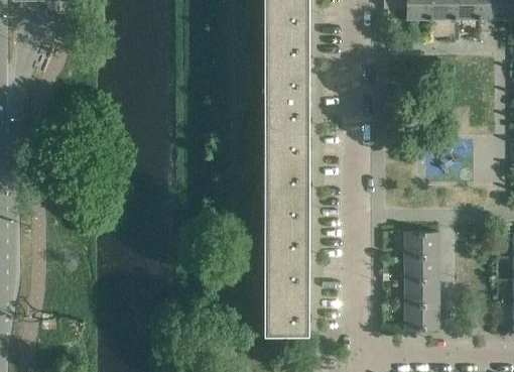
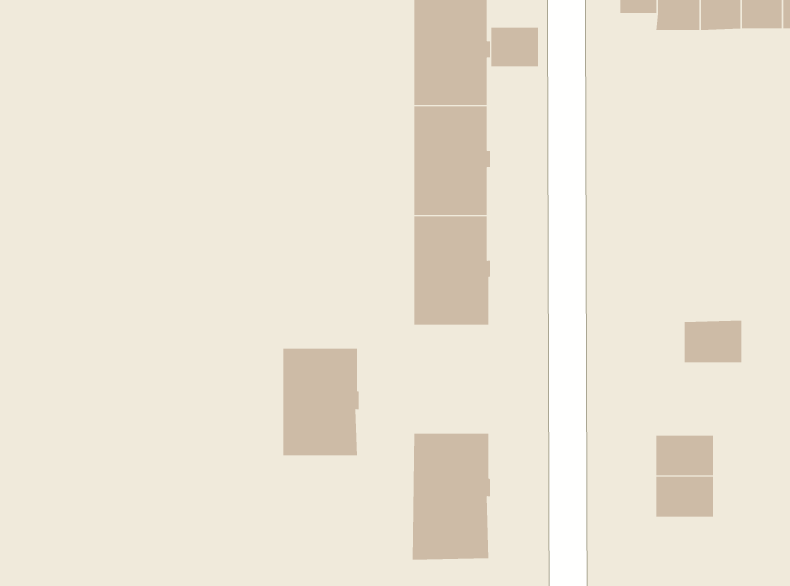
building: none -> [491,27,538,67]
building: [264,193,309,256] -> [282,348,360,456]
building: [406,232,440,257] -> [684,320,742,363]
building: [406,305,440,330] -> none

